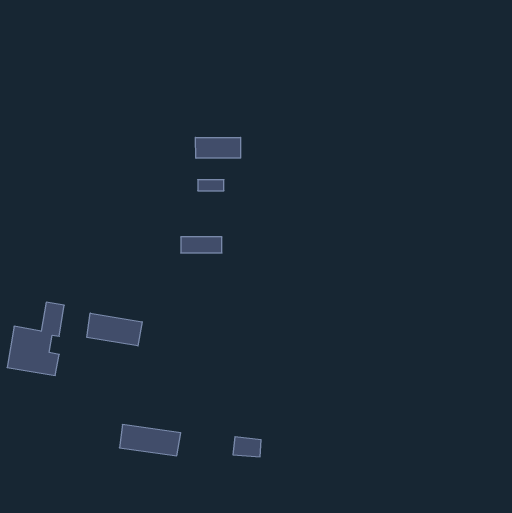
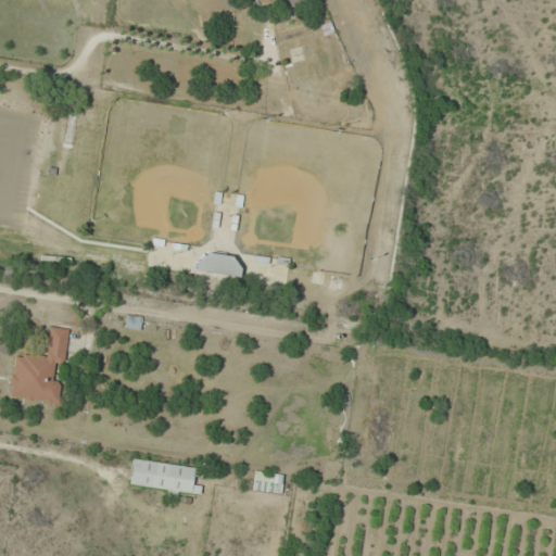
building: [195,137,241,158] -> none
building: [87,313,142,346] -> none

